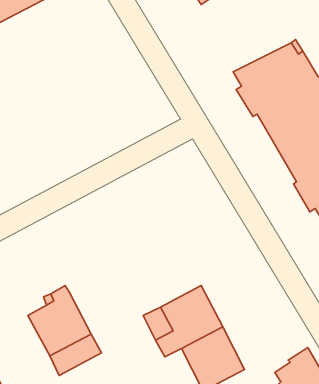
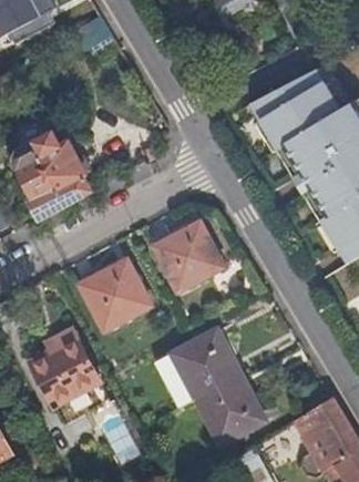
building: none -> [13,130,92,216]
building: none -> [155,218,223,287]
building: none -> [80,257,151,326]

